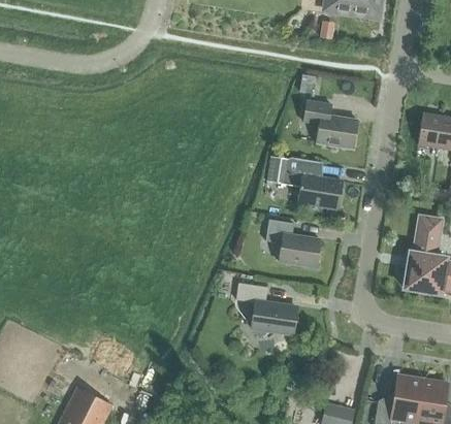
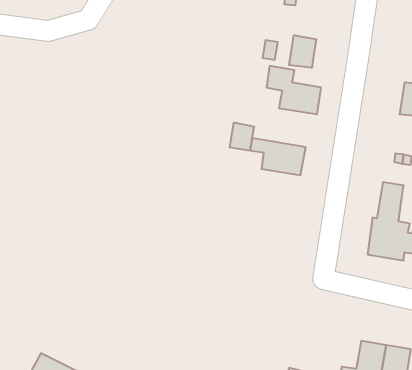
building: none -> [289,35,316,68]
building: [418,112,442,148] -> none
building: [265,219,321,266] -> none
building: [236,283,294,337] -> none

